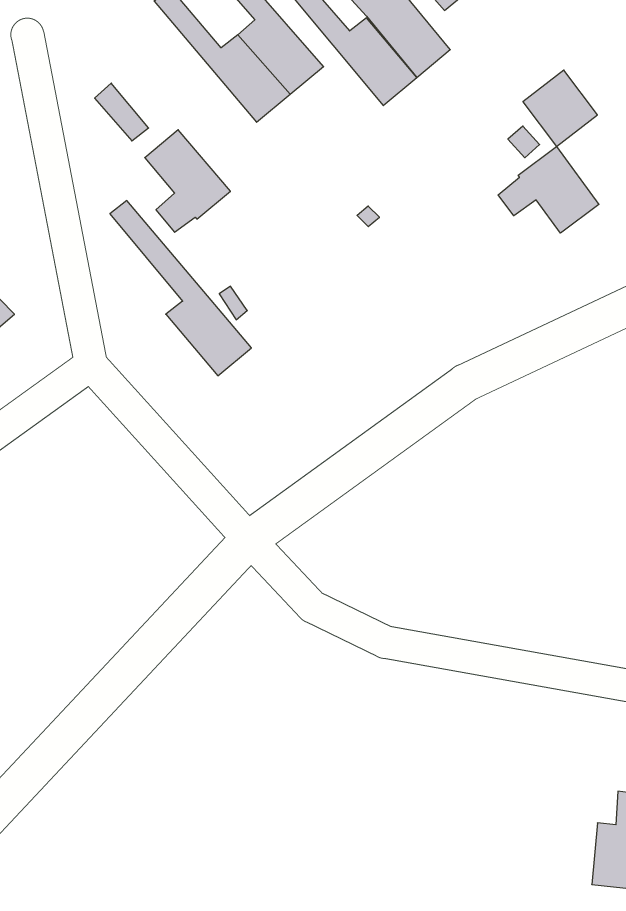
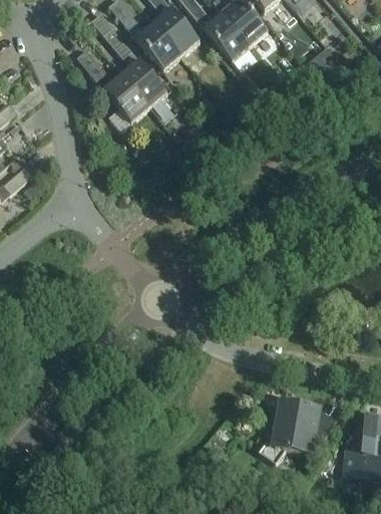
building: [498,146,599,233] -> none
building: [110,201,251,376] -> [90,11,166,105]
building: none -> [257,401,335,463]

